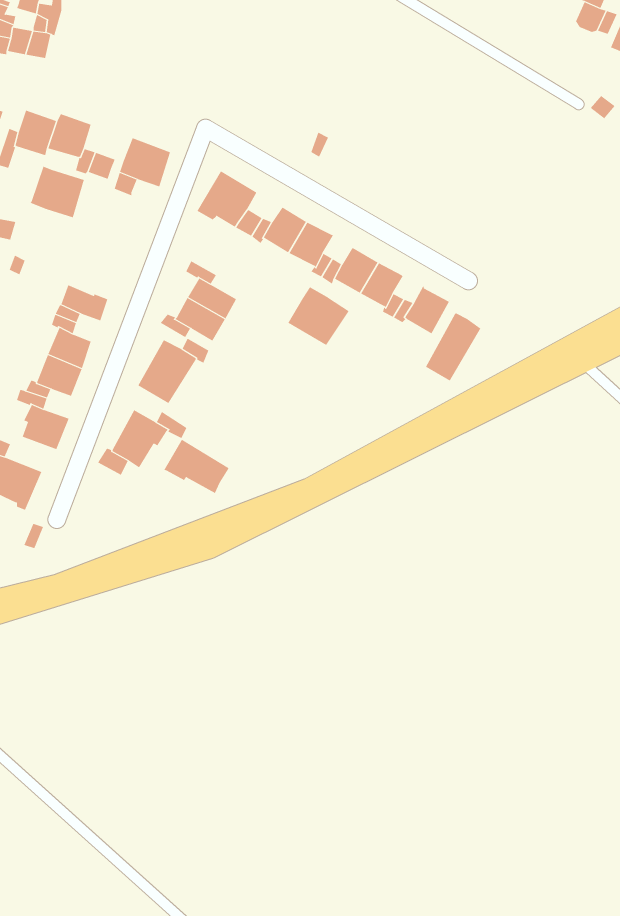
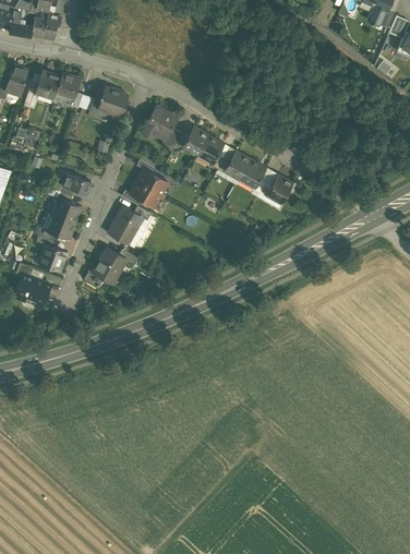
building: [30,166,84,218] -> none
building: [288,287,350,346] -> none
building: [425,312,481,381] -> none
building: [164,439,229,494] -> none

